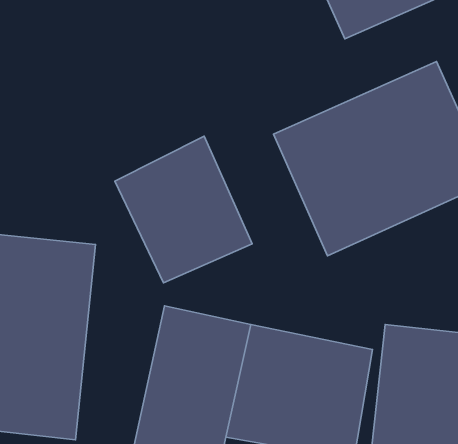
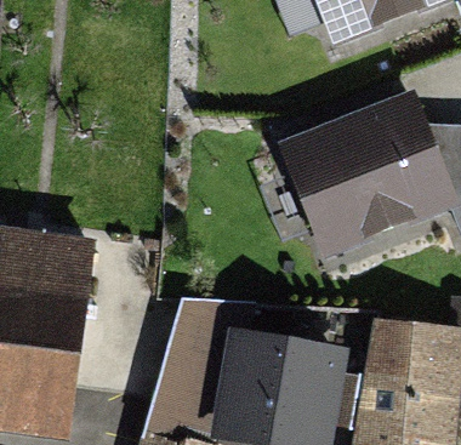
building: [115,136,252,283] -> none

